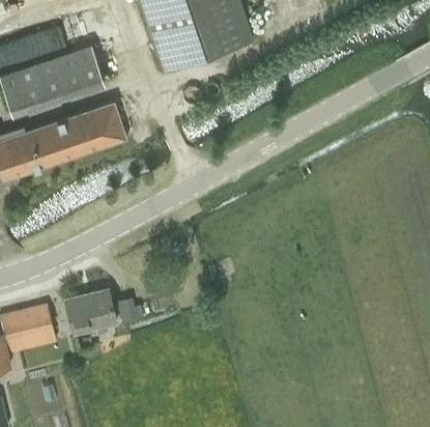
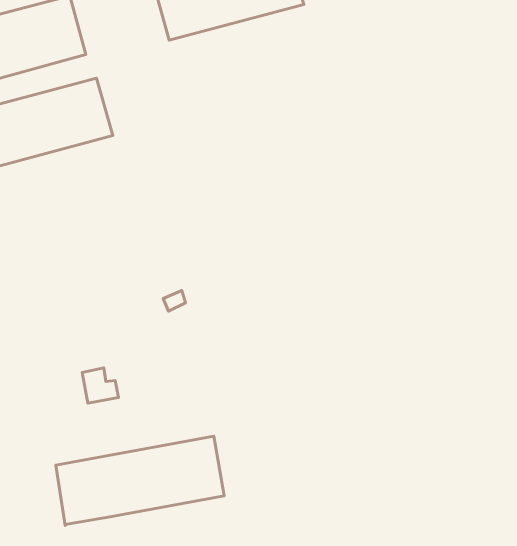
building: [65,290,116,335] -> none
building: none -> [56,436,224,525]

